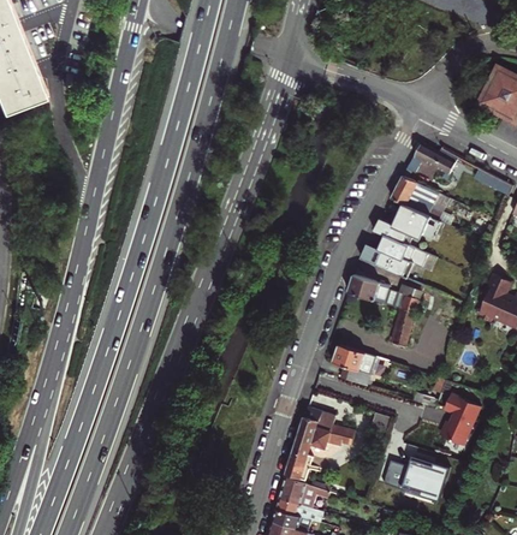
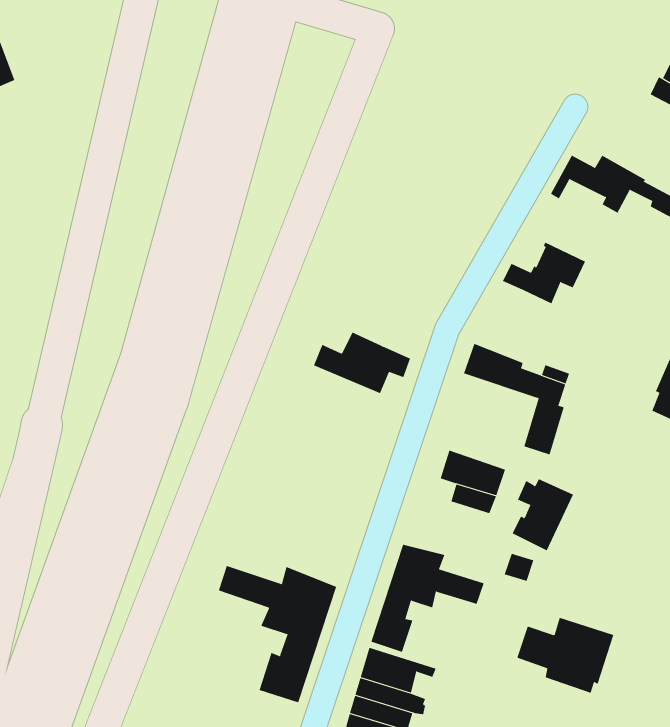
building: [391,176,447,222] -> none
building: [361,236,427,278] -> [313,332,411,394]
building: [440,398,482,447] -> [512,478,574,551]
building: none -> [218,565,337,703]

